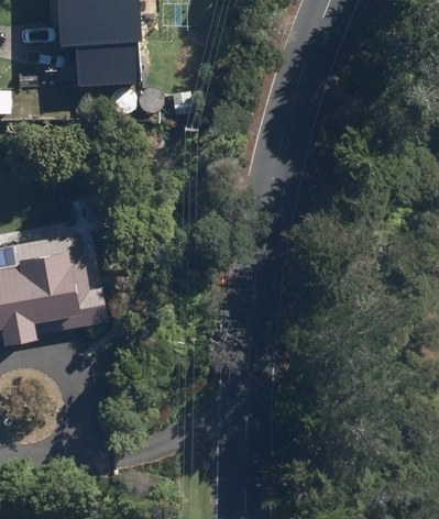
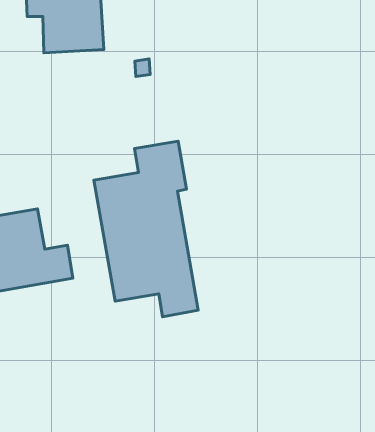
building: none -> [94,141,198,317]

